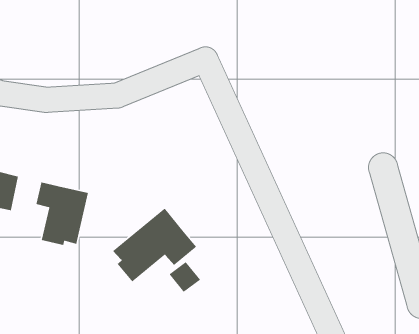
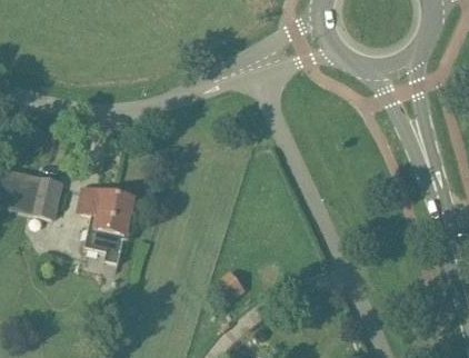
building: [112,207,197,283] -> none

